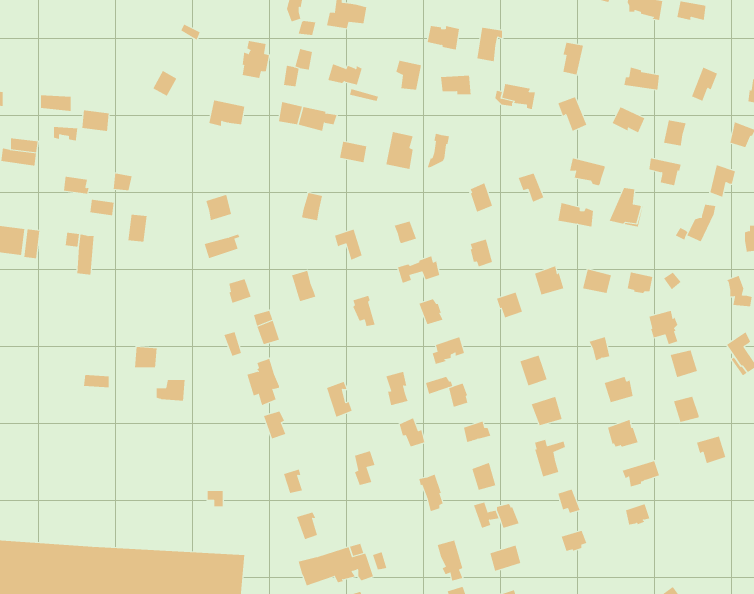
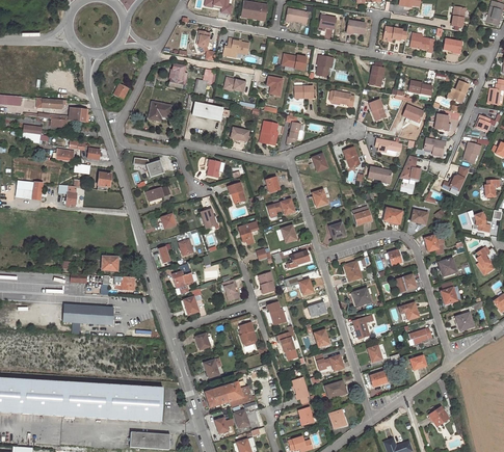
building: none -> [59,302,113,325]

